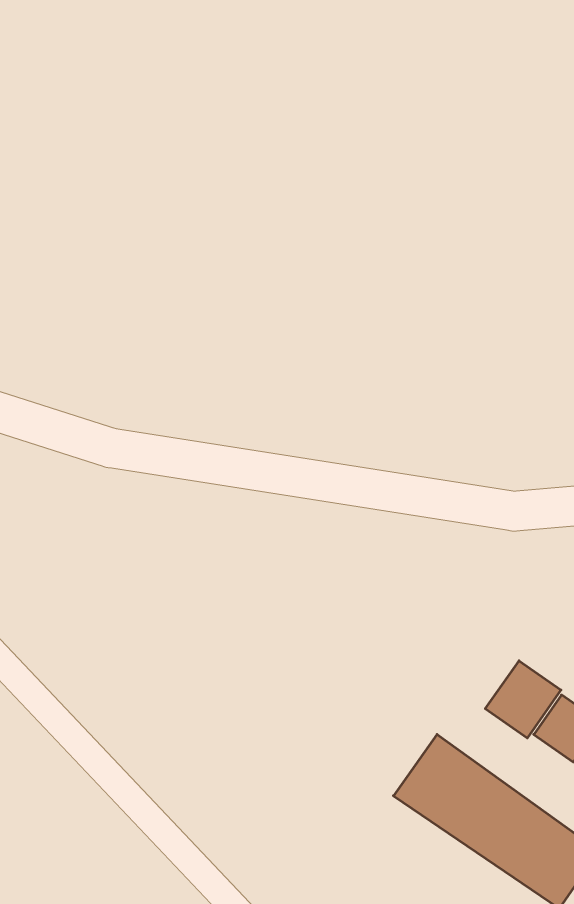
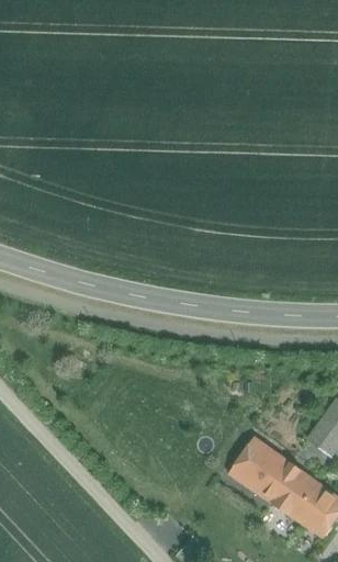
building: [485,661,561,738] -> none

